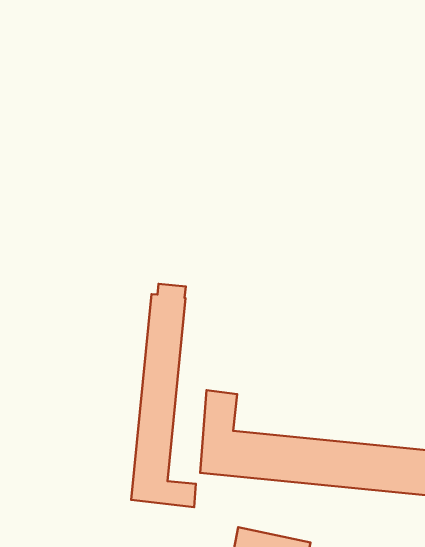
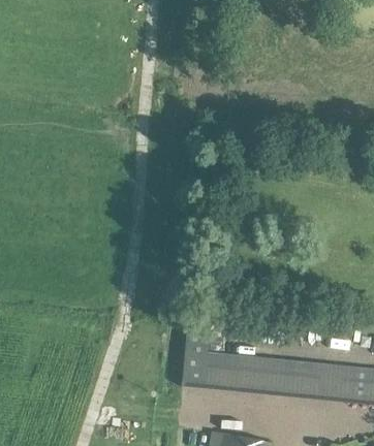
building: [131,284,196,507] -> none

